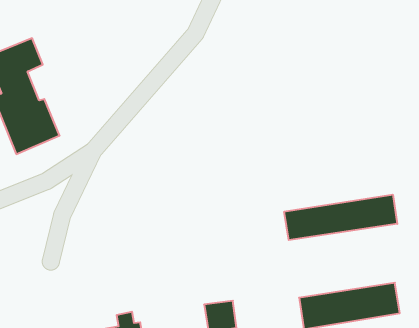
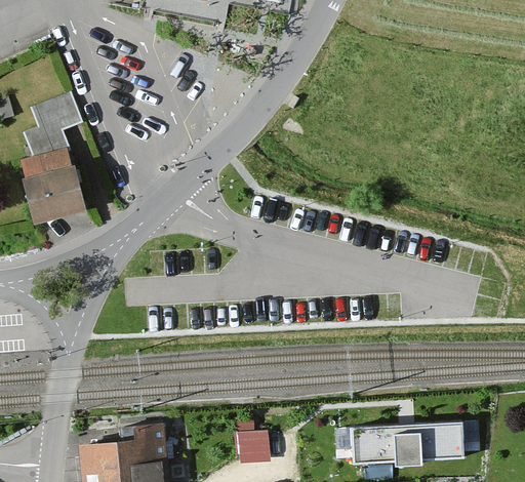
building: [284,195,397,240] -> none

